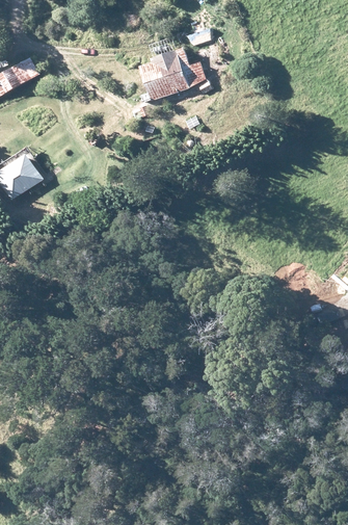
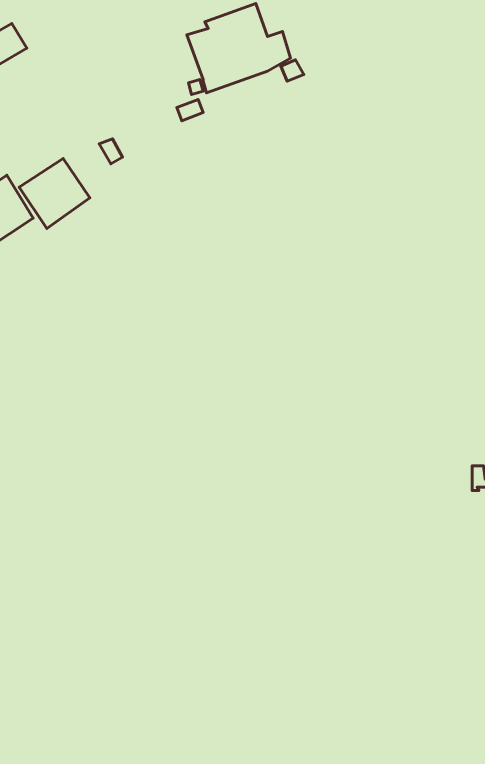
building: none -> [19,158,90,228]

